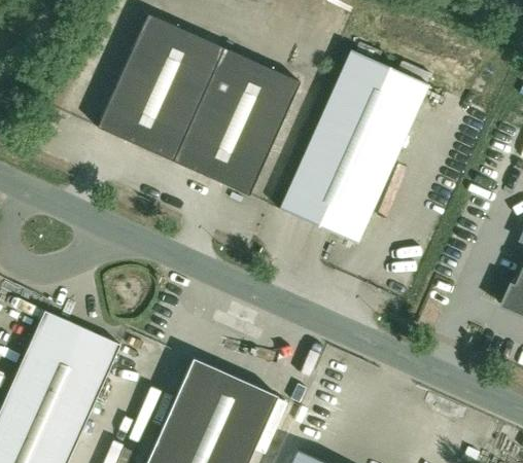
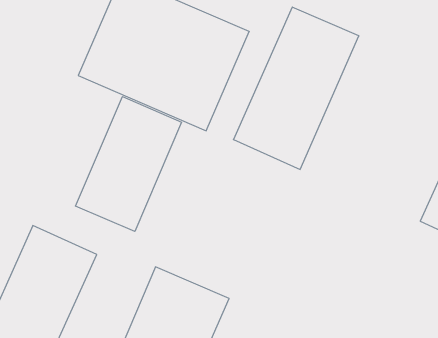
building: none -> [75,97,181,231]

